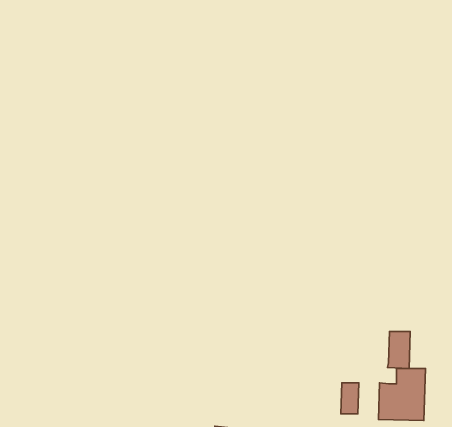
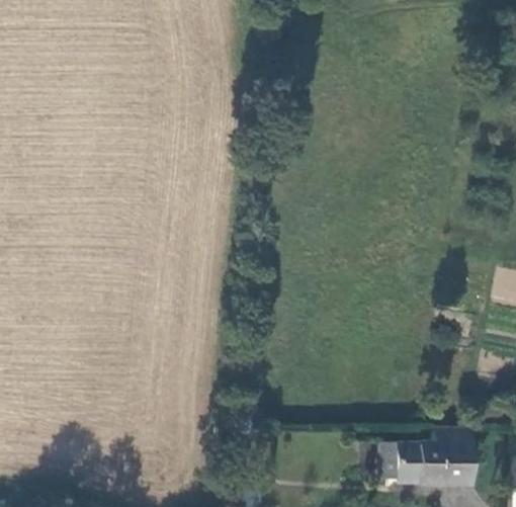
building: [388,332,410,368] -> [400,444,424,484]

